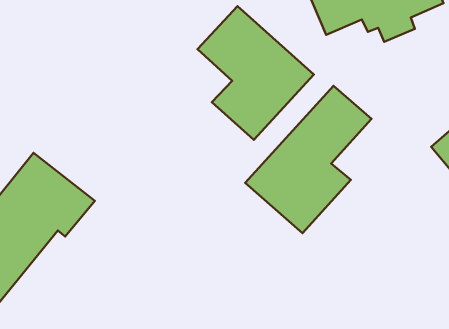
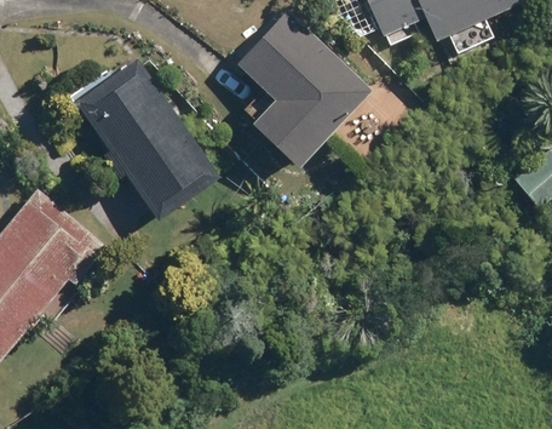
building: none -> [77,59,219,218]
building: [245,86,371,233] -> none

